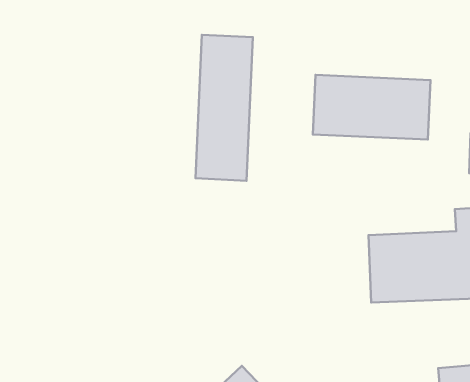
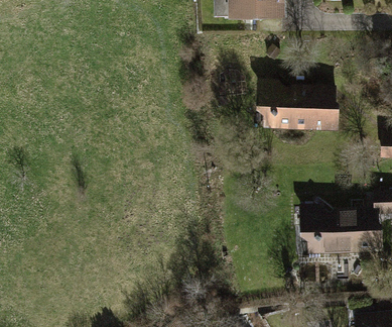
building: [196,35,253,181] -> none

